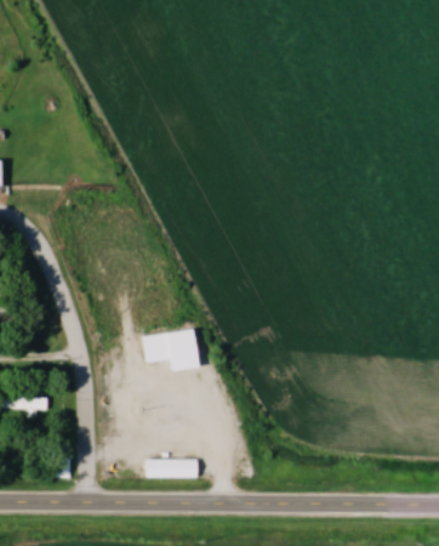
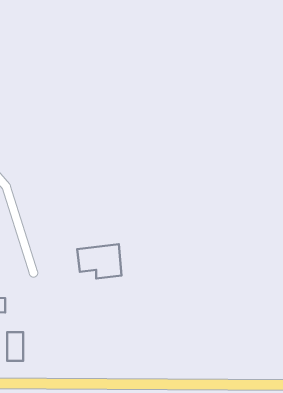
building: [146,457,199,478] -> none

